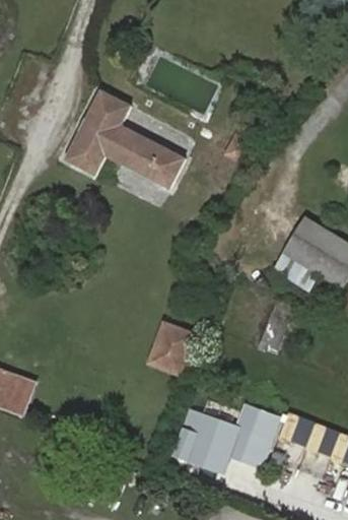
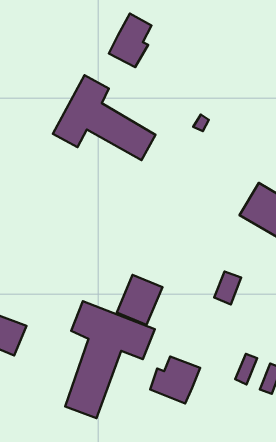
building: none -> [109,13,152,67]
building: none -> [65,301,155,418]
building: [226,405,277,466] -> none

